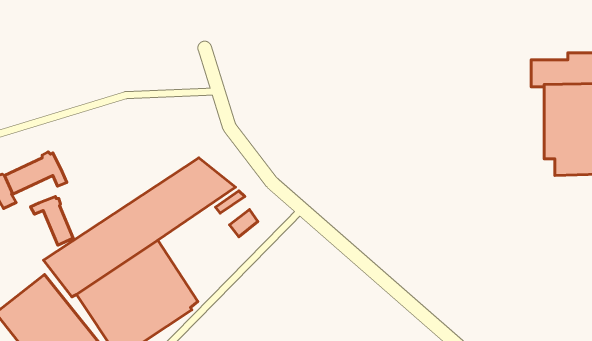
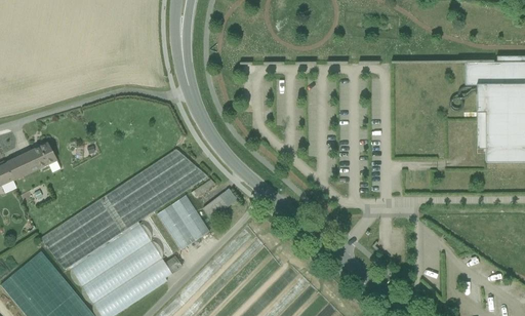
building: [31,197,73,245] -> none
building: none -> [156,193,210,249]

